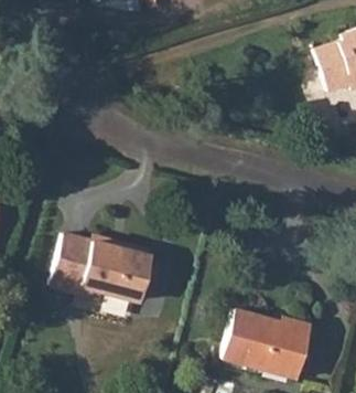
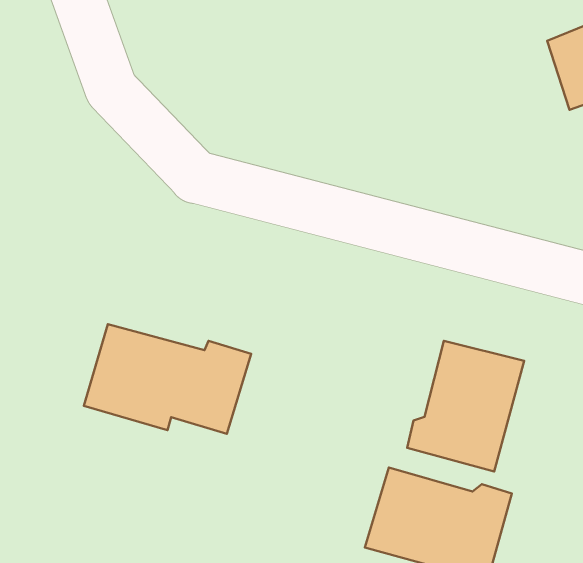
building: none -> [407,341,524,471]

